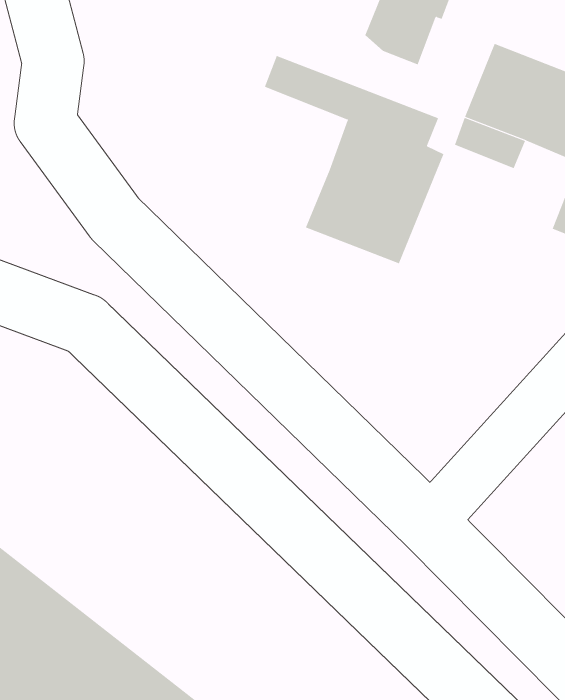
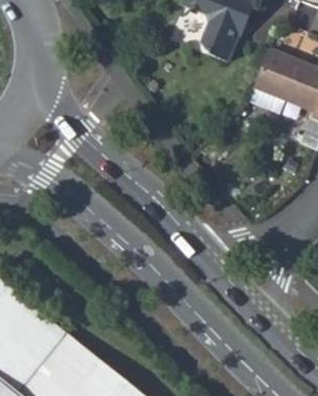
building: [264,55,444,264] -> none

